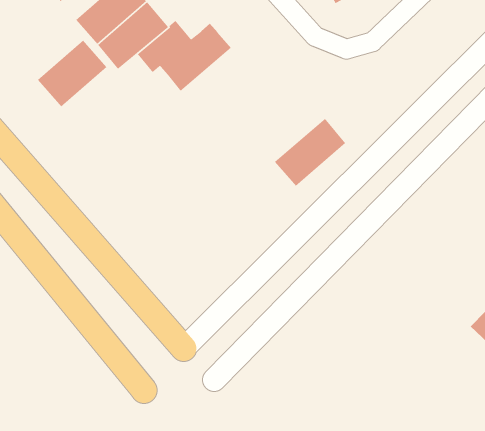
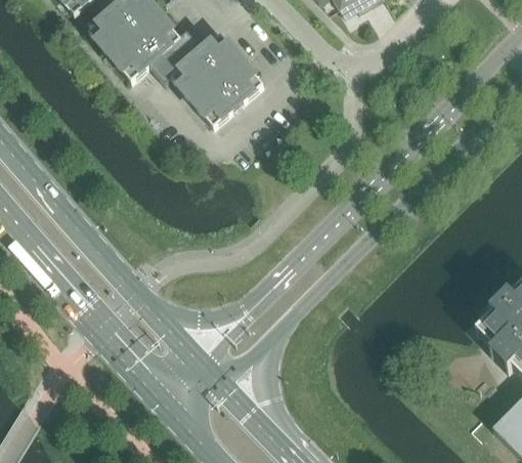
building: [37,39,107,108] -> none
building: [274,118,346,187] -> [192,57,263,125]

